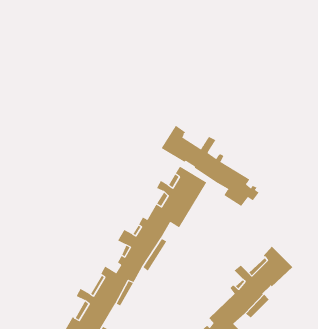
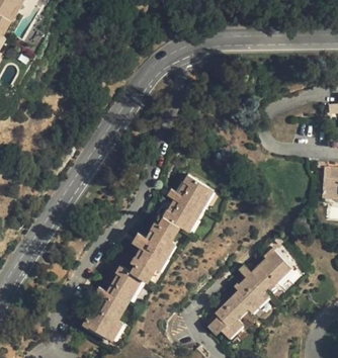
building: [161,125,259,207] -> none

